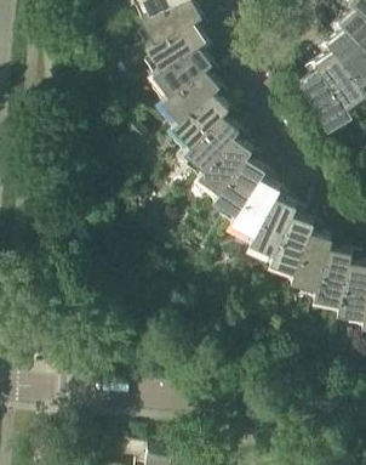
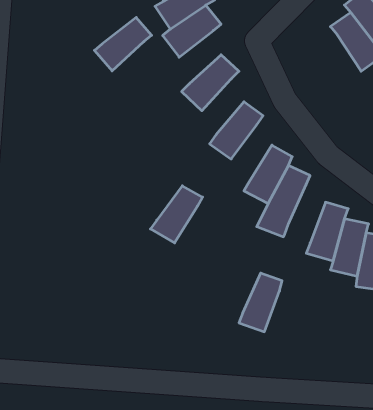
building: [164,70,218,121] -> [94,17,152,71]
building: [301,74,350,140] -> none
building: [185,117,239,170] -> none
building: [215,160,264,215] -> [150,186,203,243]
building: [271,217,313,273] -> [239,273,282,332]

